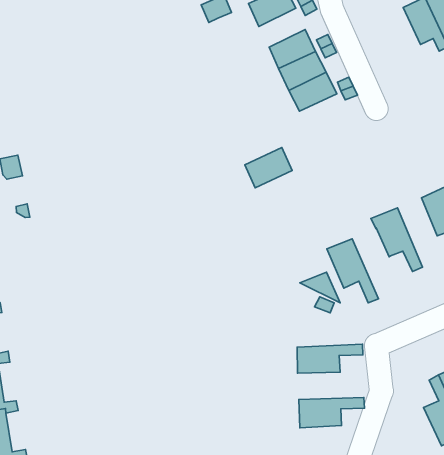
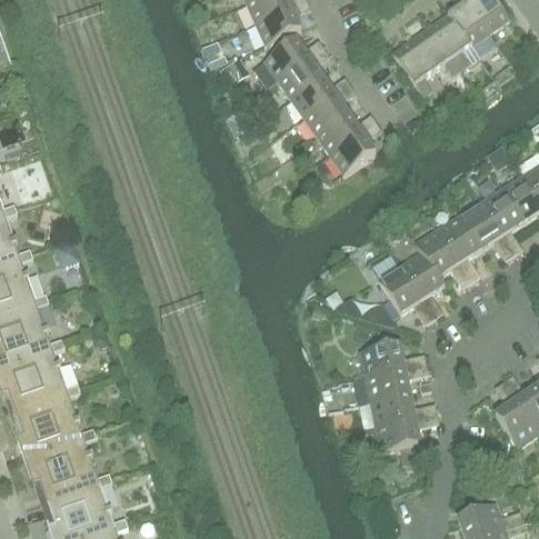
building: none -> [391,39,432,96]
building: none -> [277,57,321,98]
building: [245,148,292,188] -> [329,131,375,173]
building: none -> [437,216,479,281]
building: none -> [399,251,443,318]
building: none -> [359,342,426,377]
building: none -> [369,393,436,426]

